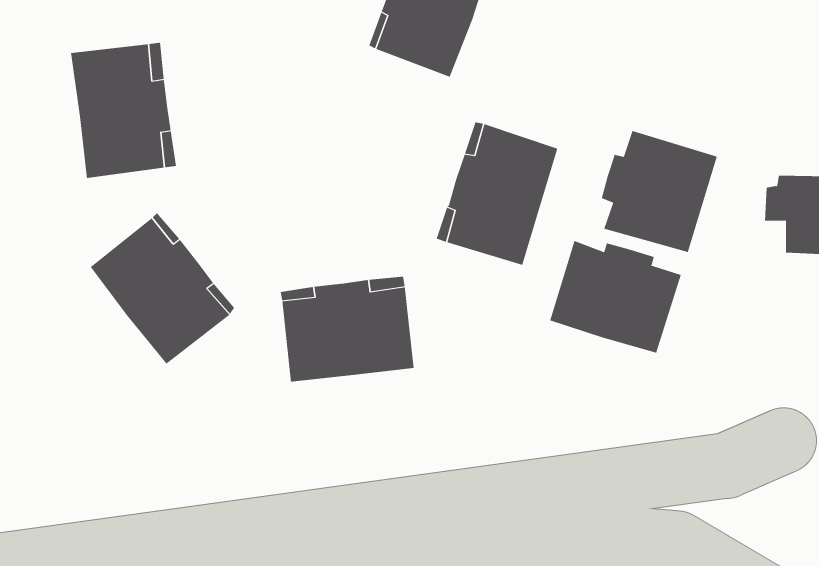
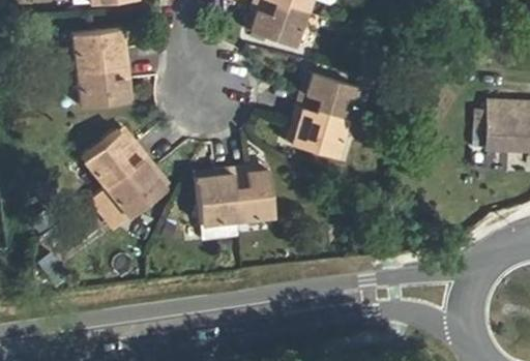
building: [601,130,718,253] -> none
building: [550,240,681,353] -> none

